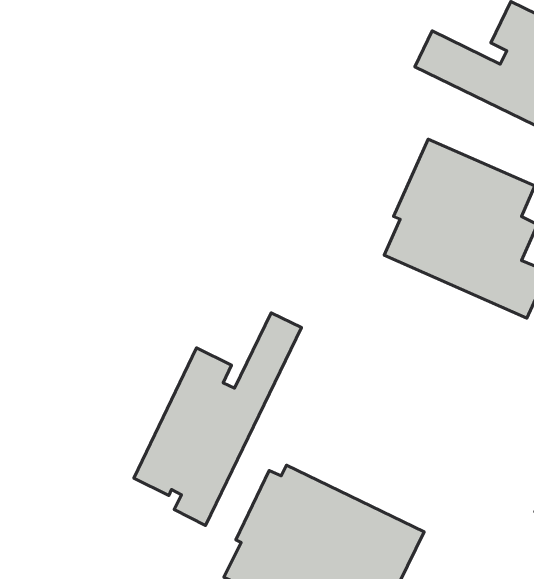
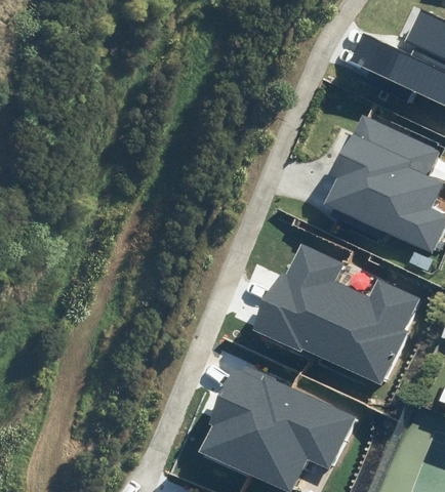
building: none -> [250,244,419,384]
building: [134,313,302,526] -> none

